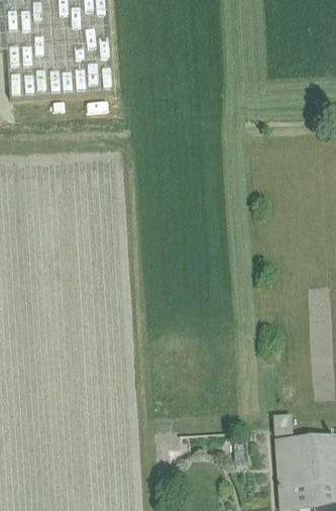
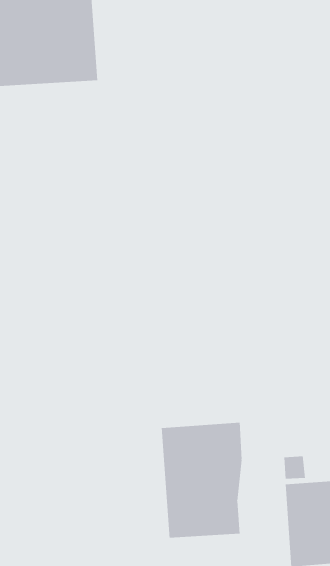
building: none -> [161,422,242,539]

